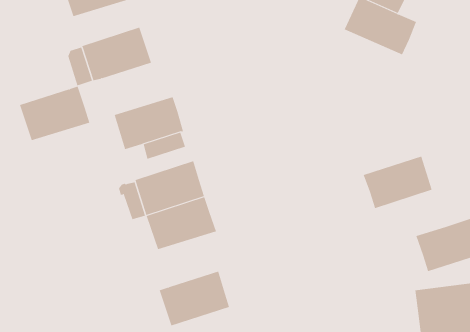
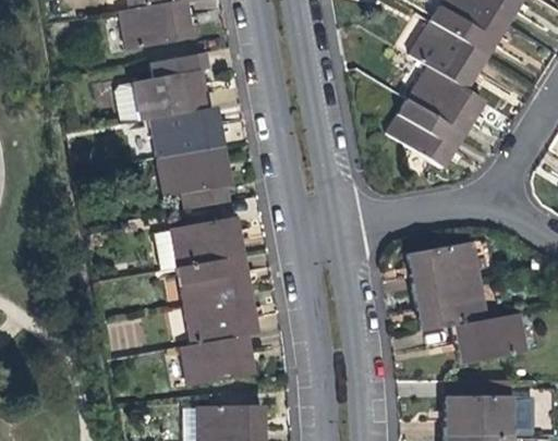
building: none -> [388,99,466,169]
building: [19,86,90,141] -> [149,106,221,157]
building: none -> [416,279,487,331]
building: none -> [184,293,255,344]

